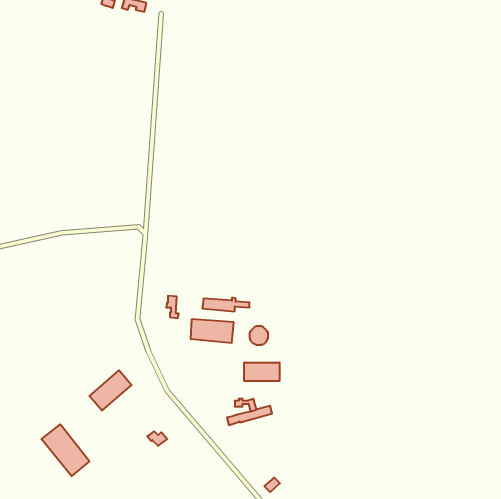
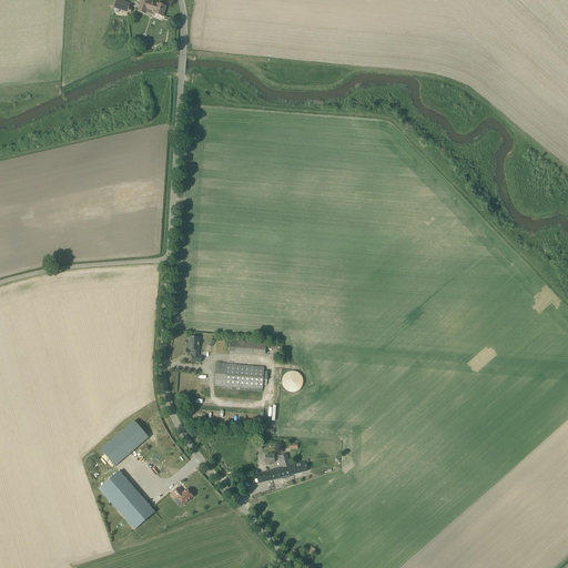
building: [244,362,279,381] -> none
building: [41,424,89,476] -> [99,473,153,531]

